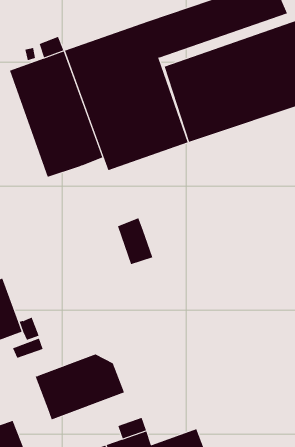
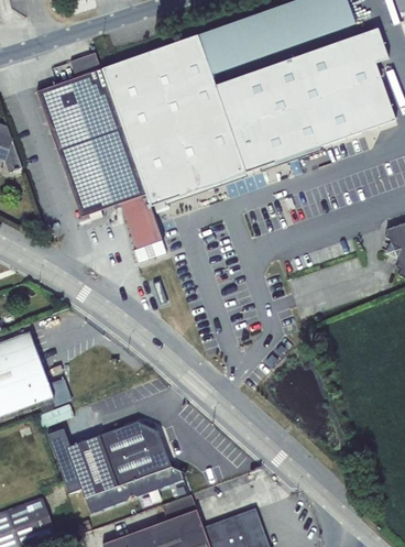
building: [117,218,153,265] -> [120,193,162,248]
building: none -> [47,428,81,493]
building: none -> [85,466,183,513]

